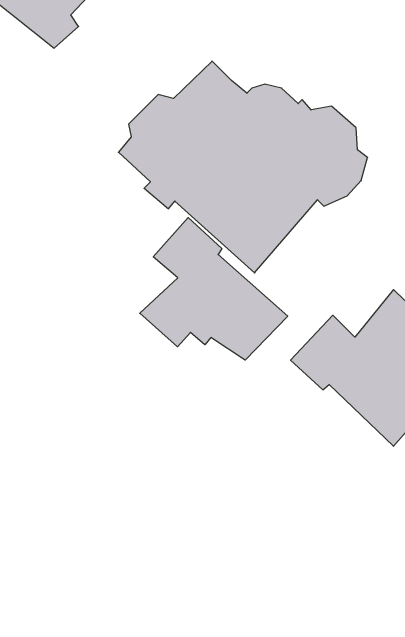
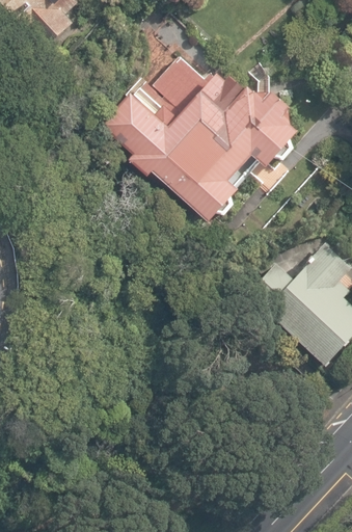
building: [140,218,288,360] -> none

